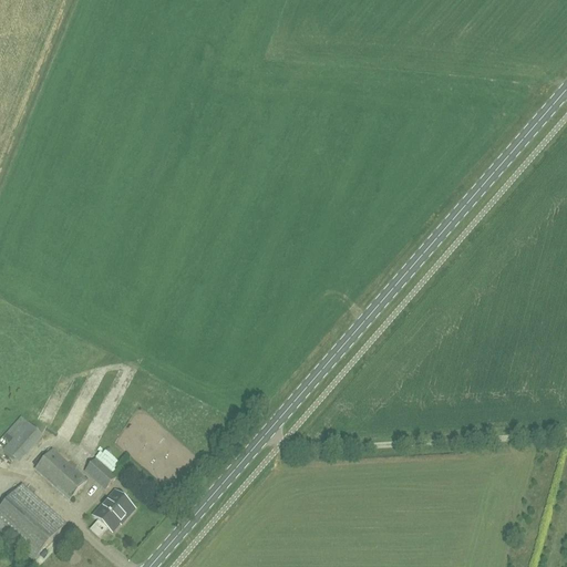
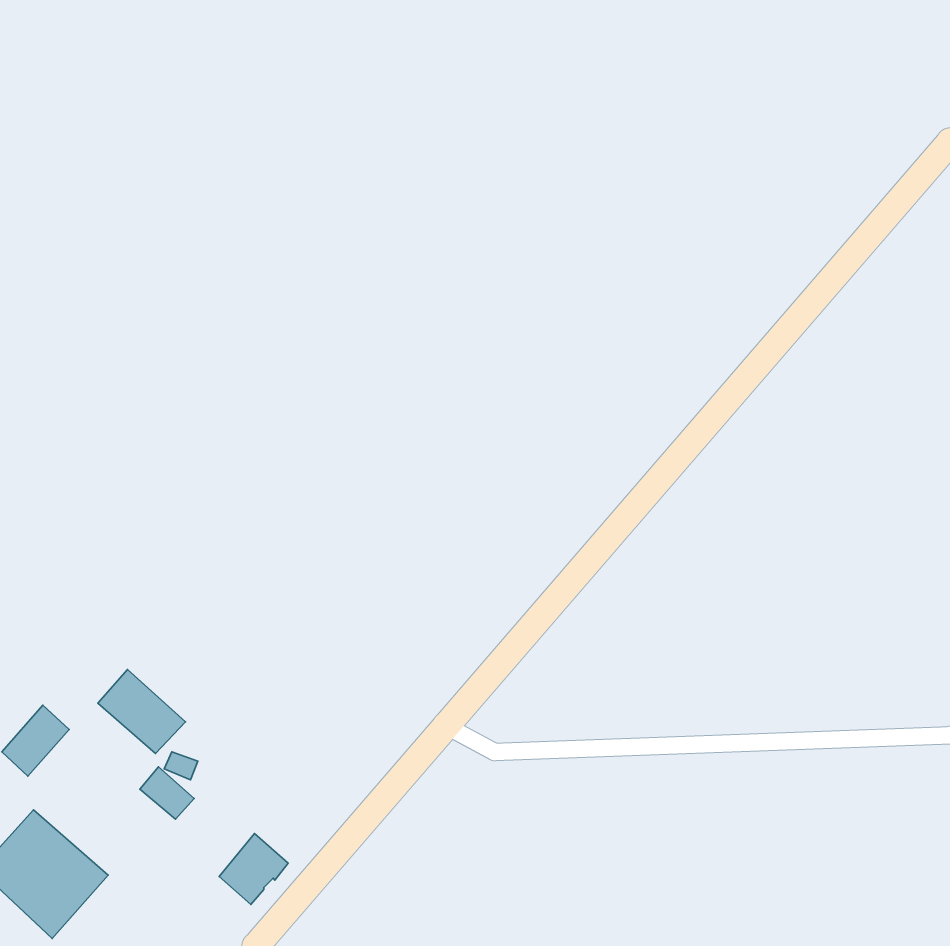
building: [33,446,85,496] -> [98,670,185,754]
building: [92,487,133,529] -> [219,833,288,904]

